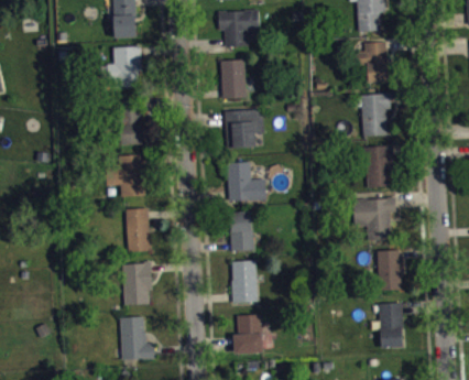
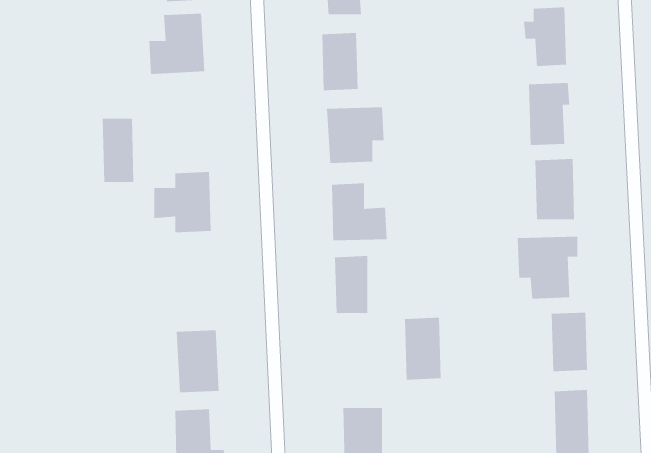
building: [121,100,143,144] -> [102,118,134,183]
building: [127,208,150,252] -> none
building: [232,260,258,303] -> [404,317,441,380]

